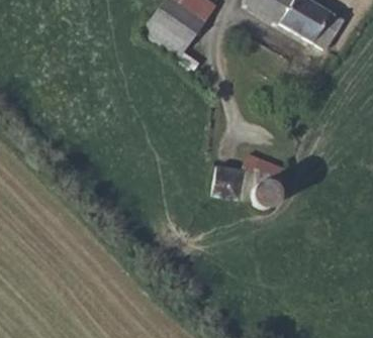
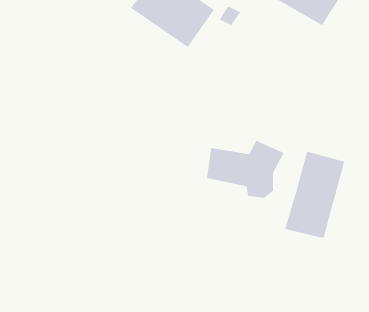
building: none -> [285,151,345,239]

